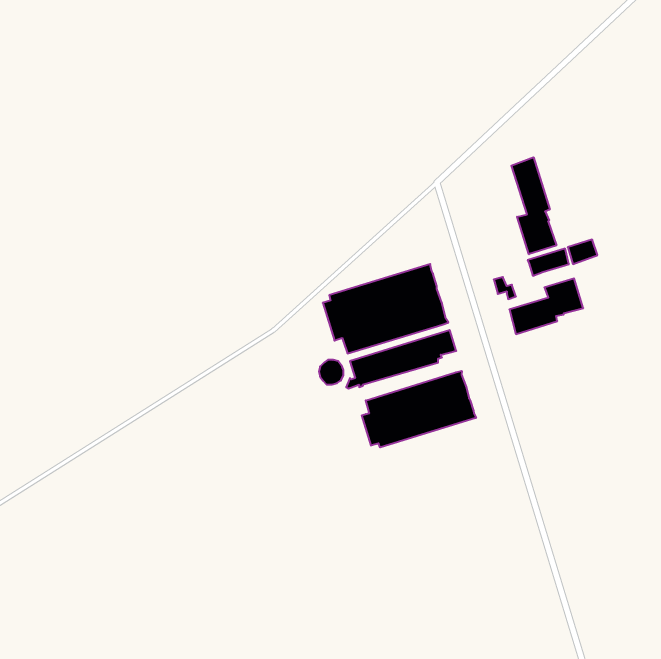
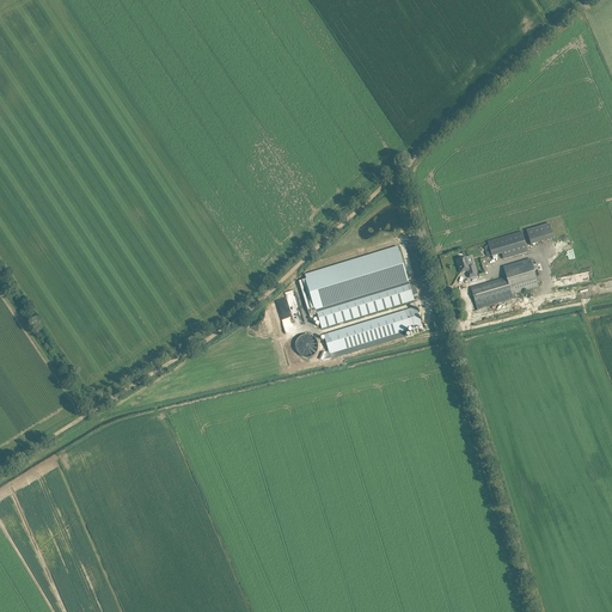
building: [511,157,556,254] -> none
building: [362,371,476,447] -> none

